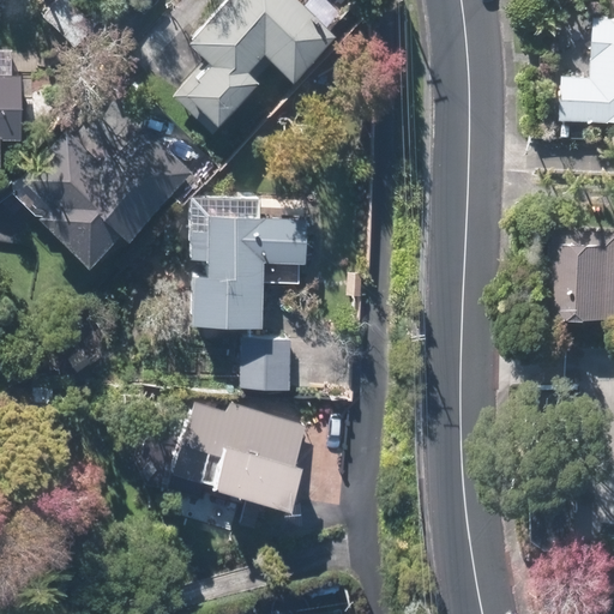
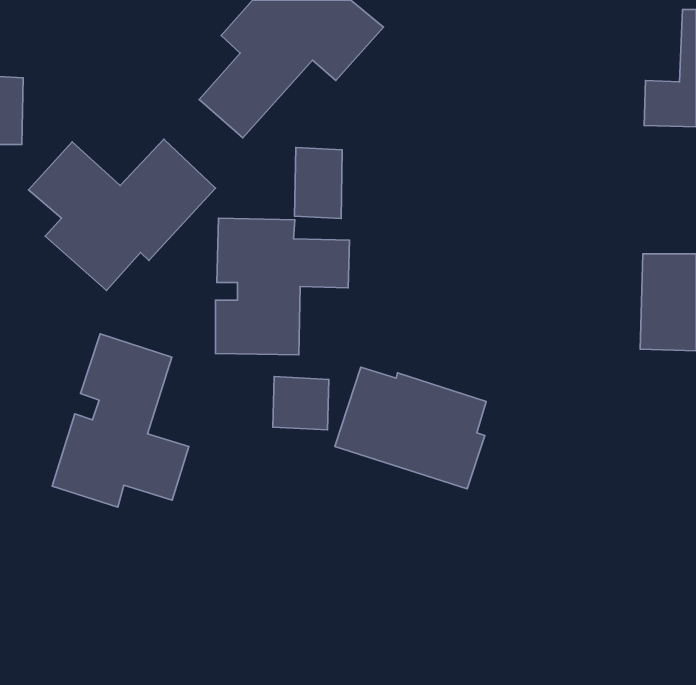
building: none -> [295,148,342,218]
building: none -> [52,334,189,507]
building: [171,404,305,511] -> [335,367,486,489]

